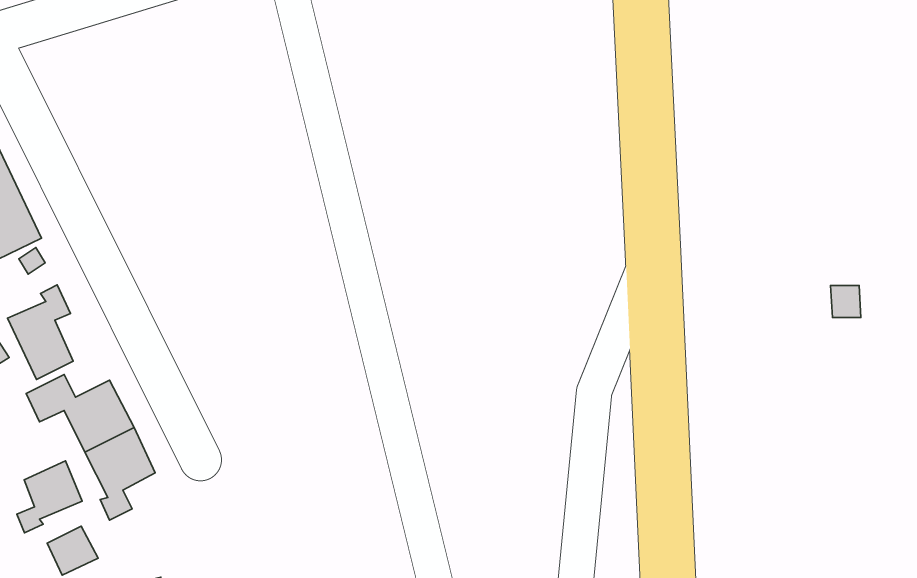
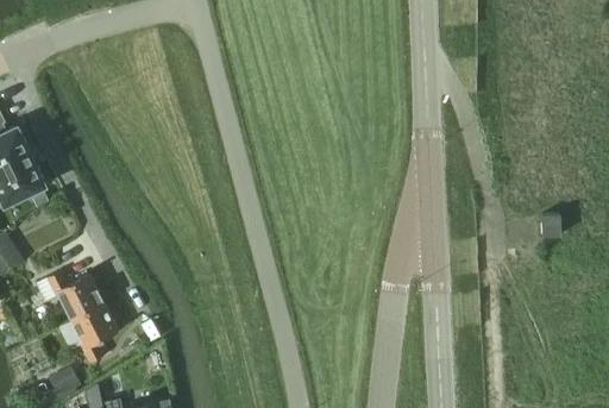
building: [8,285,73,380] -> none
building: [17,461,82,533] -> none

